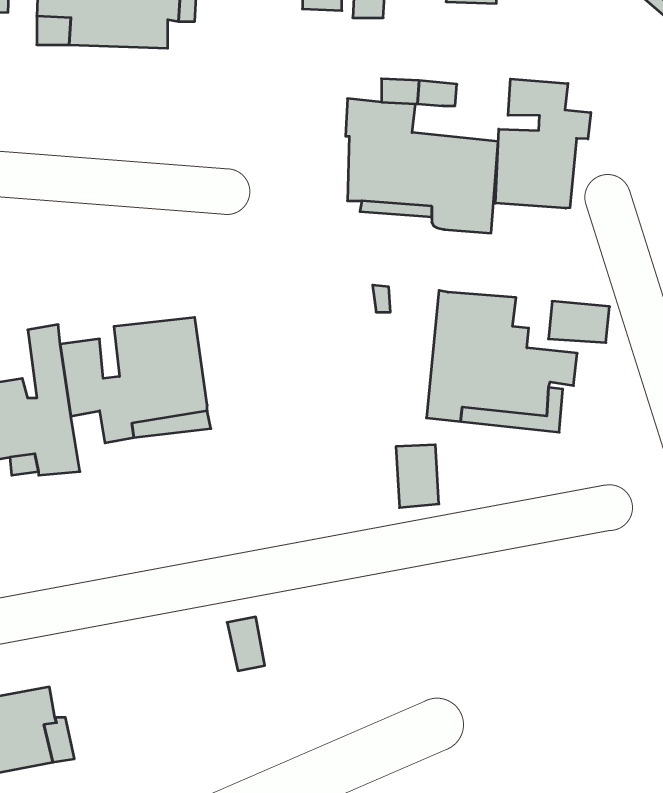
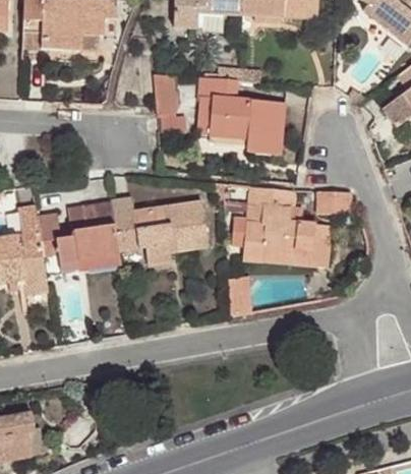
building: [495,79,591,208] -> none
building: none -> [154,74,179,114]
building: none -> [113,196,208,262]

